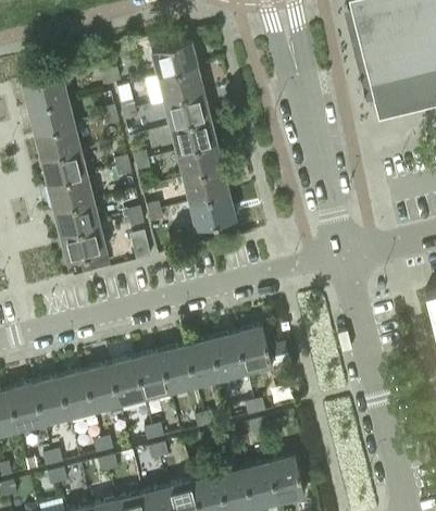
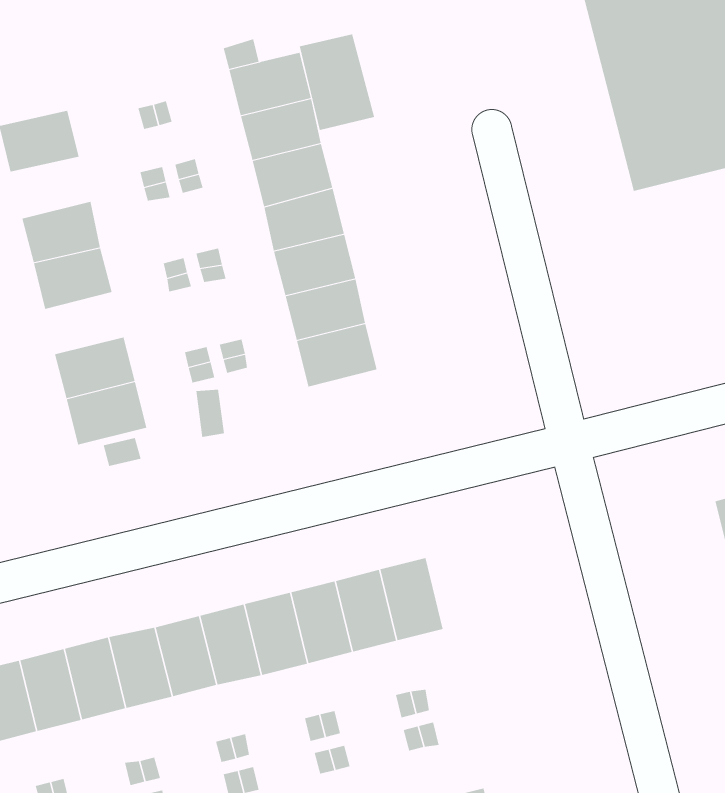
building: none -> [299,33,375,131]
building: [28,101,74,136] -> none
building: [48,177,92,212] -> none

